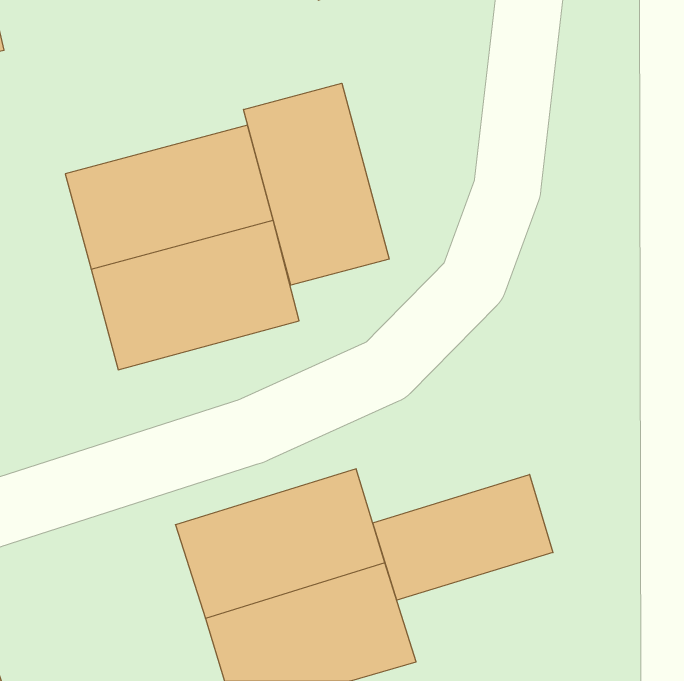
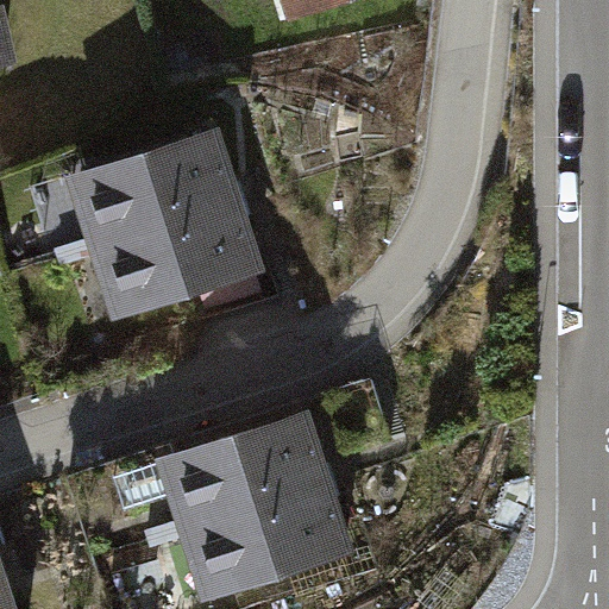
building: [244,83,389,285] -> none
building: [373,474,553,600] -> none

